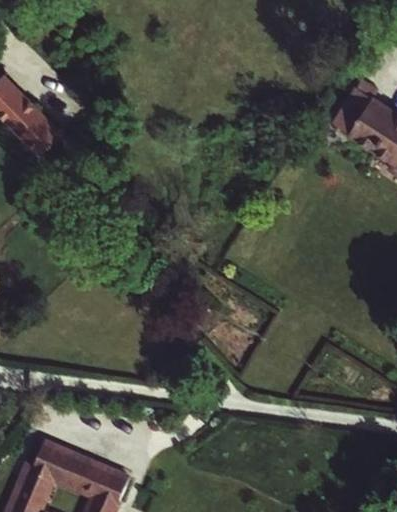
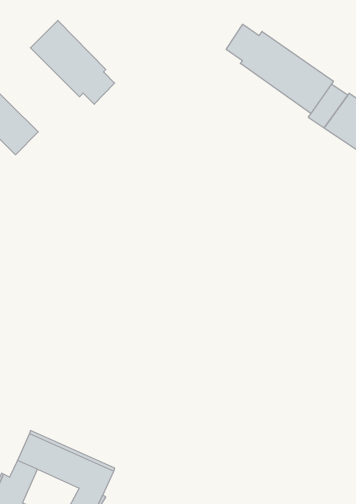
building: none -> [30,20,115,104]
building: none -> [226,24,333,114]

